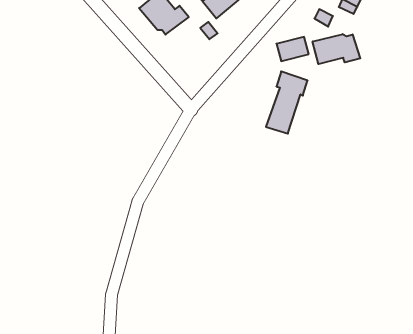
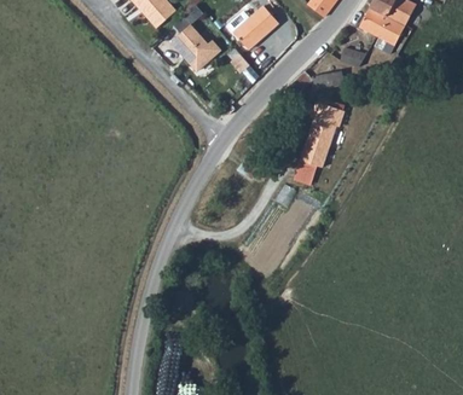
building: [313,34,360,64] -> none

